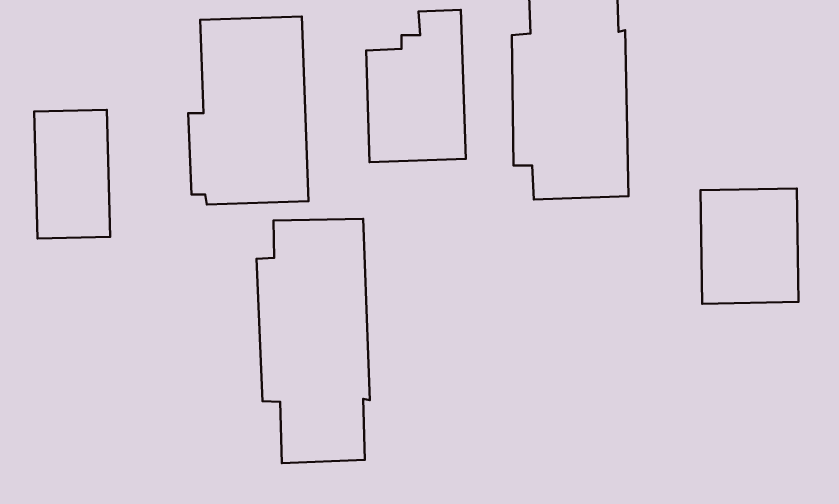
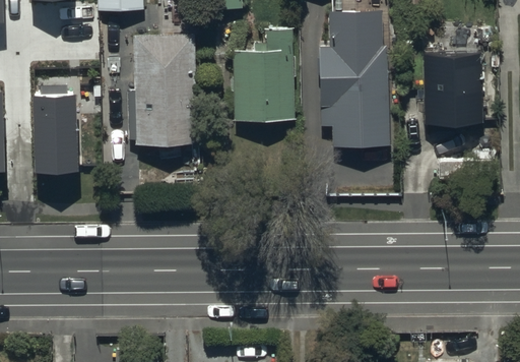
building: [700,188,799,304] -> [421,53,480,122]
building: [257,219,370,463] -> none

